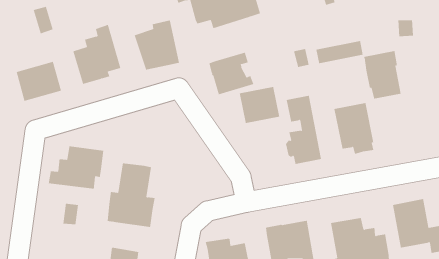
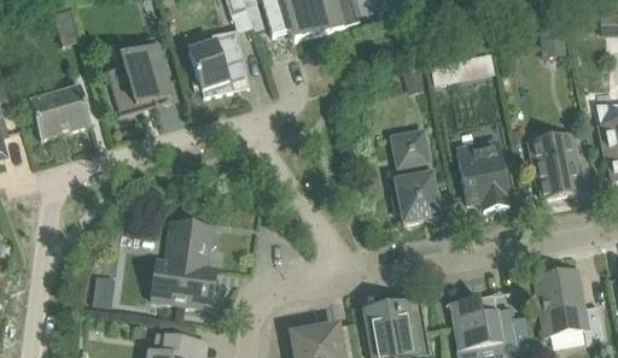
building: [363,51,402,99] -> [529,131,581,196]
building: [209,52,254,95] -> none
building: [239,86,280,124] -> none
building: [48,146,104,189] -> none

